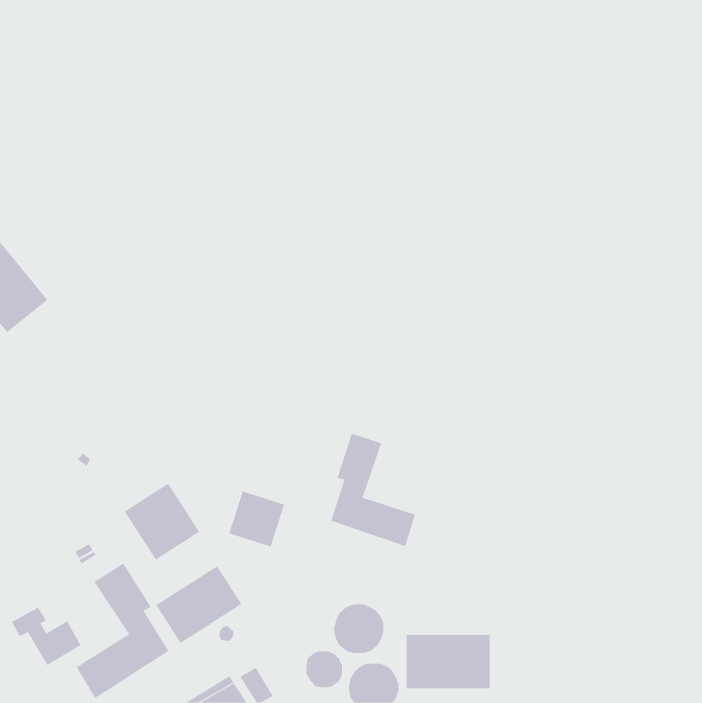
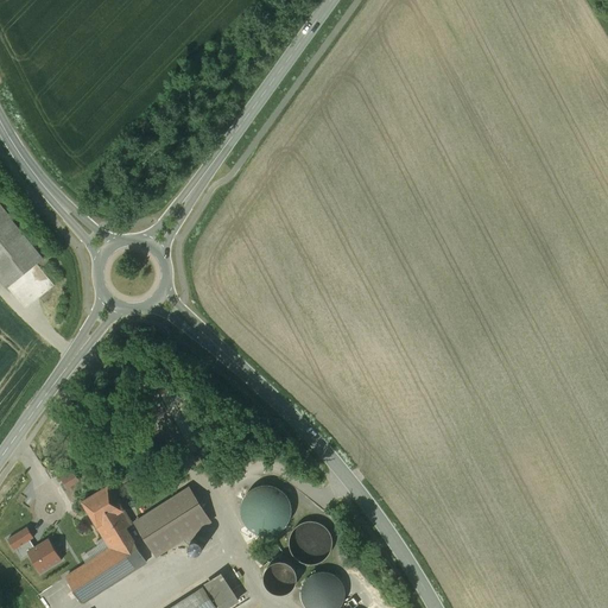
building: [331,433,415,547] -> none
building: [124,483,200,561] -> none
building: [228,491,285,547] -> [246,483,294,532]
building: [406,634,490,689] -> none

